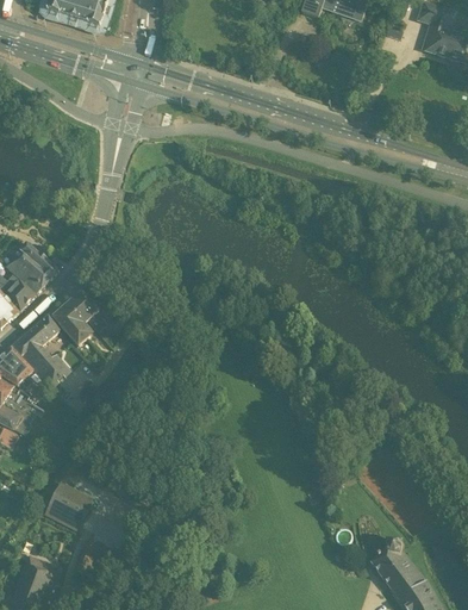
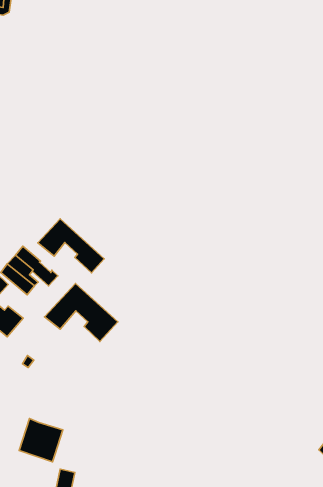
building: none -> [38,219,104,273]
building: none -> [45,283,118,341]

